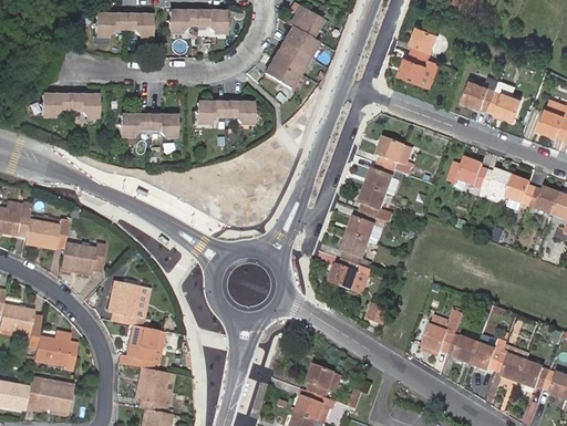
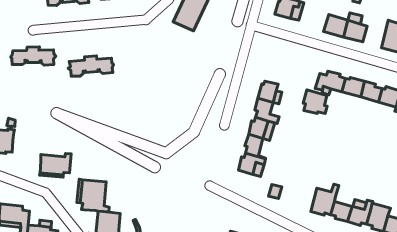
building: [188,100,250,124] -> none
building: [378,137,411,172] -> [303,90,327,114]
building: [27,217,70,248] -> none

